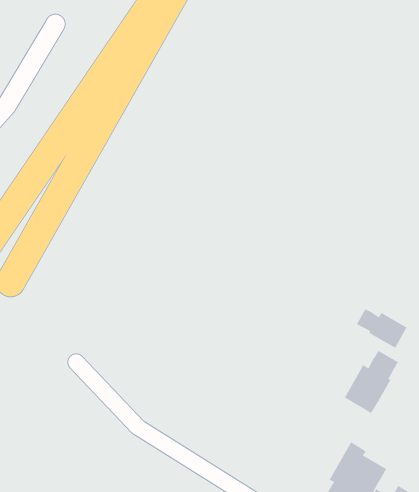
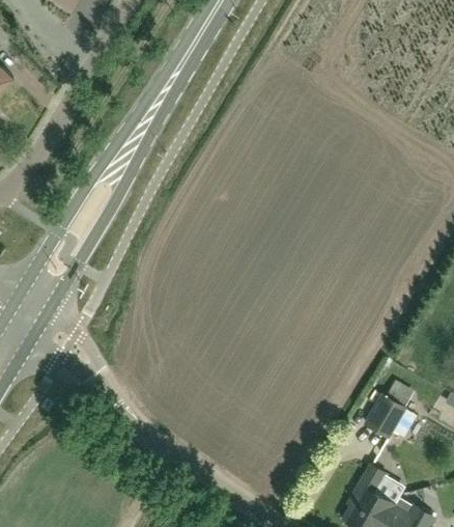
building: [356,308,407,348] -> none

